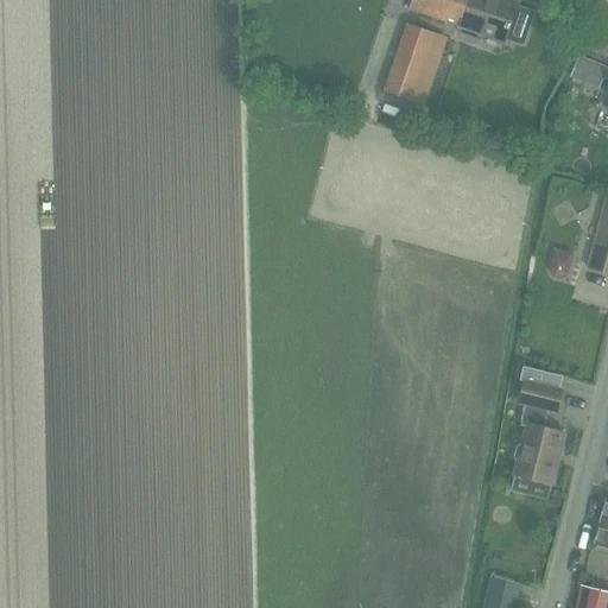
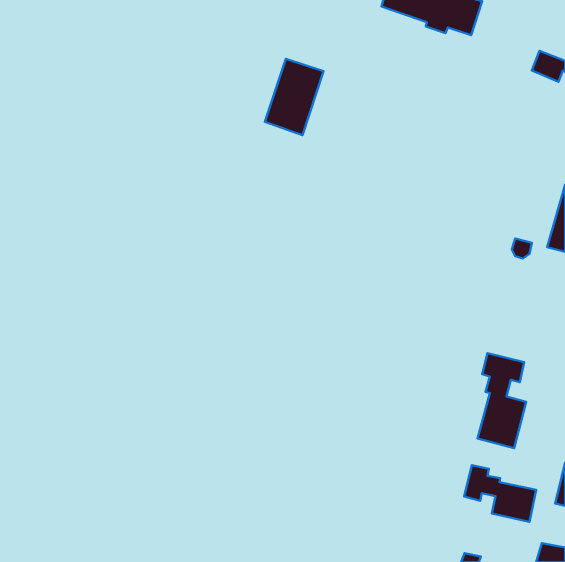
building: [386,23,449,104] -> [265,59,323,135]
building: none -> [464,465,536,522]

